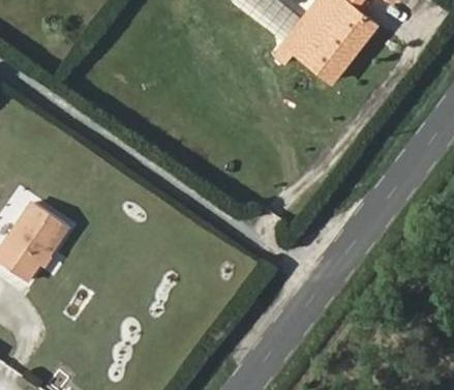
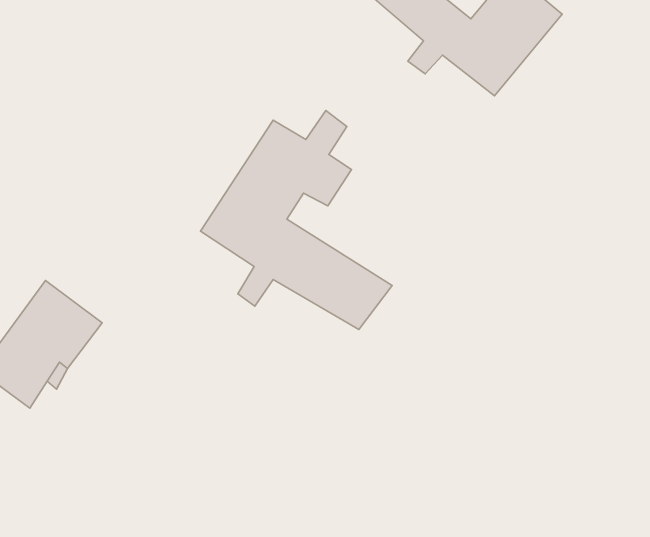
building: none -> [200,111,392,330]

